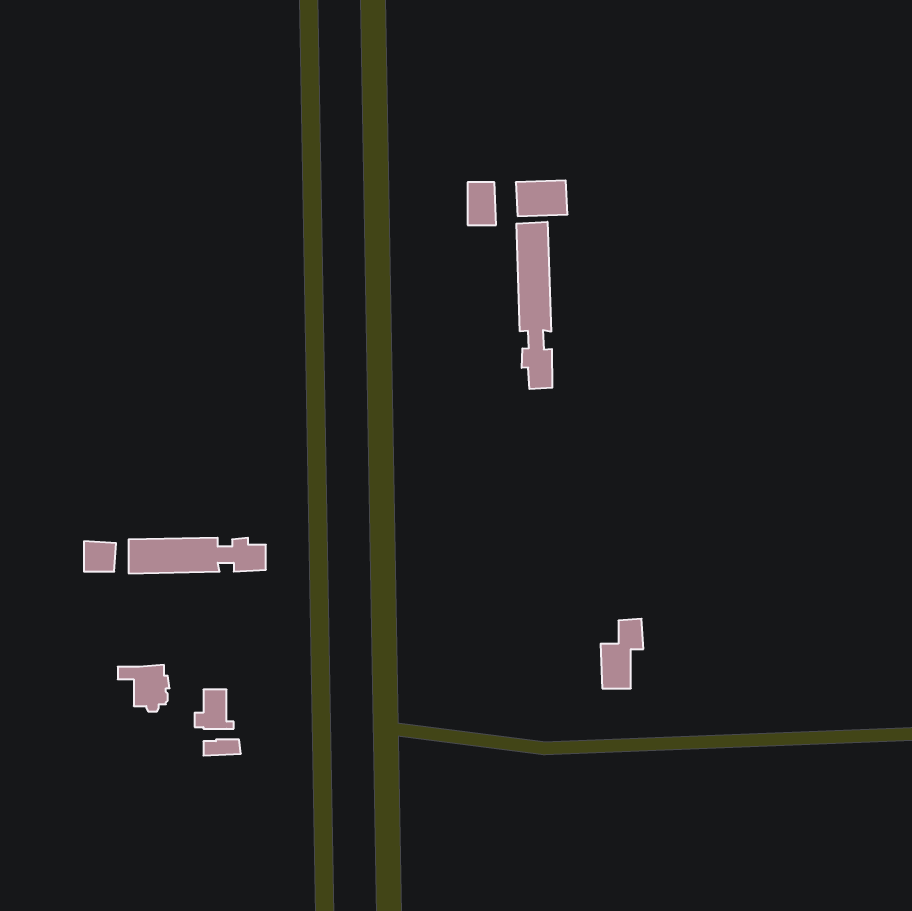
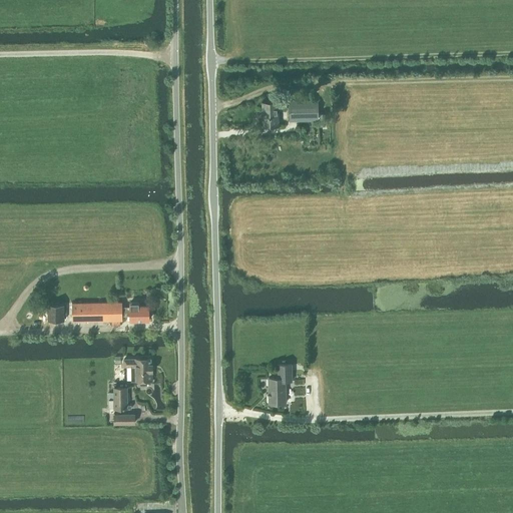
building: [516,222,552,389] -> none
building: [601,619,643,688] -> [269,365,293,404]
building: [118,665,170,711] -> [124,359,153,385]

